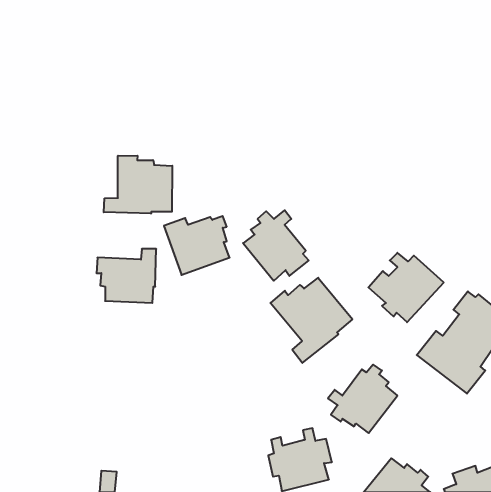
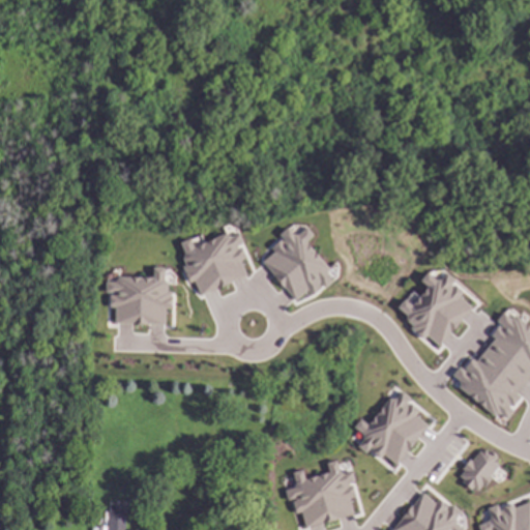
building: [104,156,172,214] -> none
building: [270,278,352,363] -> none
building: none -> [459,445,502,493]

